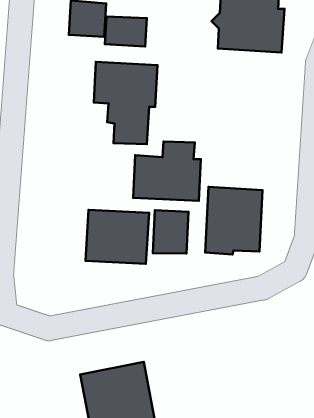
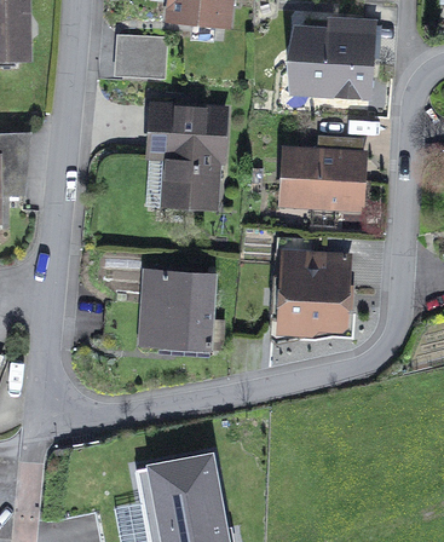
building: [105,17,147,47] -> none
building: [133,142,201,201] -> [283,137,362,206]
building: [153,210,189,254] -> none

